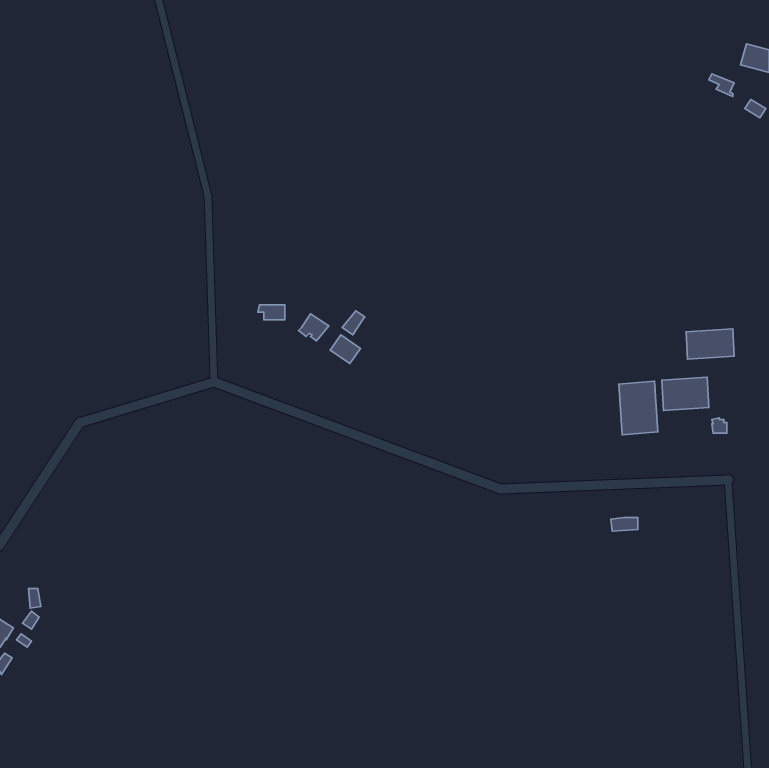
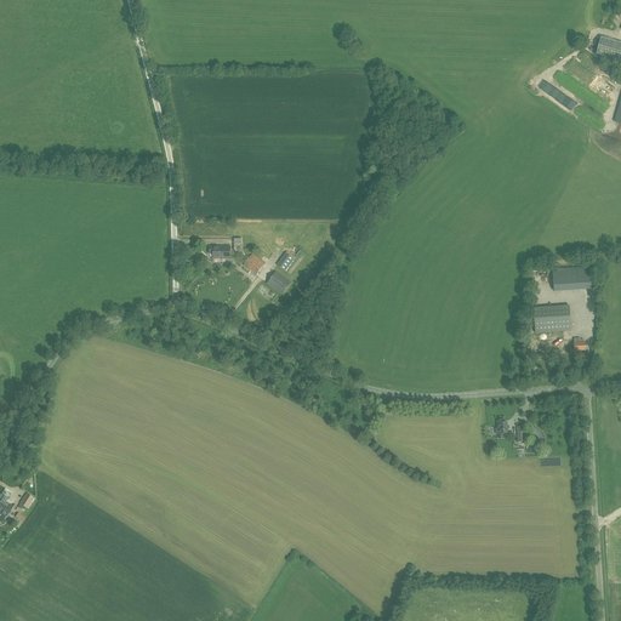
building: [619,381,658,435] -> none

